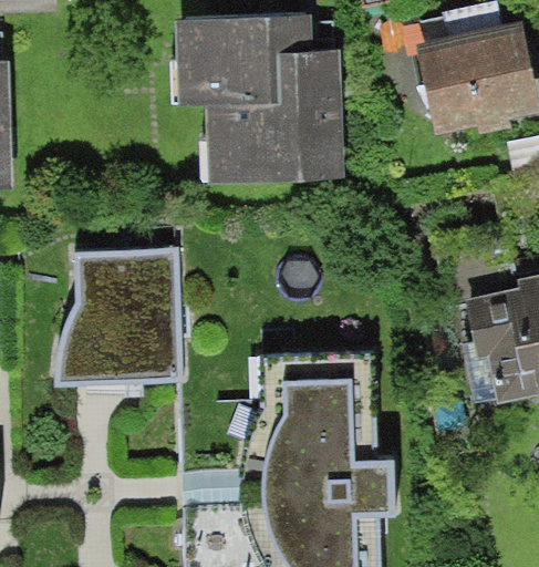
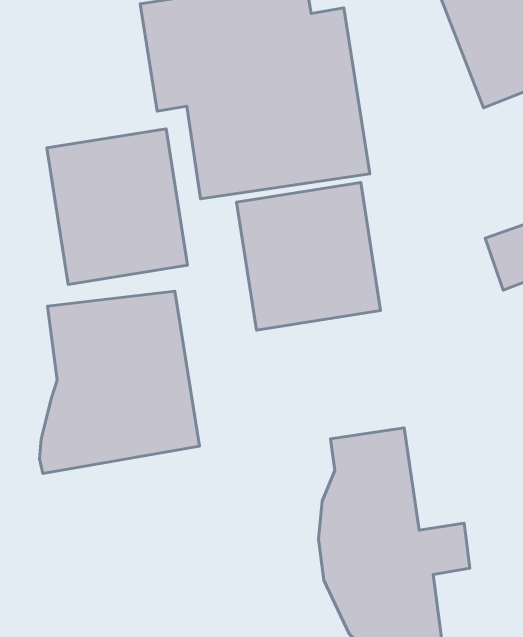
building: none -> [47,129,188,284]
building: none -> [237,183,381,330]

